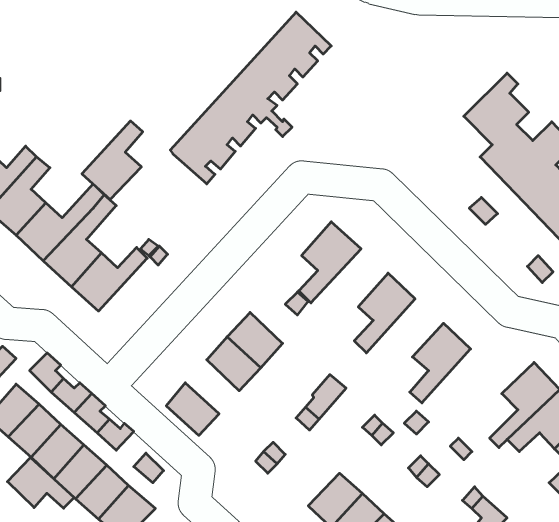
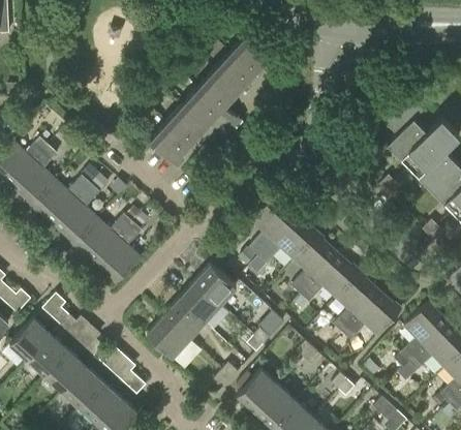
building: [82,121,143,199] -> [95,222,142,282]
building: none -> [249,215,316,274]
building: none -> [300,253,359,302]
building: none -> [342,291,401,340]
building: none -> [161,300,203,341]
building: none -> [237,369,279,411]
building: [7,458,74,508] -> none

